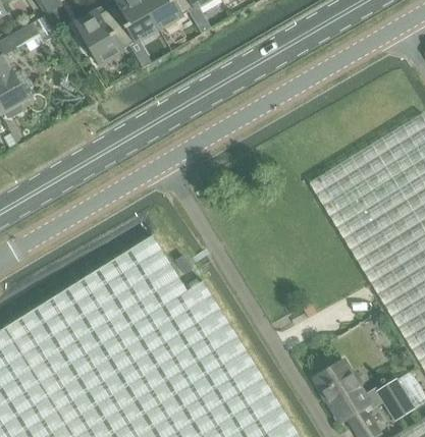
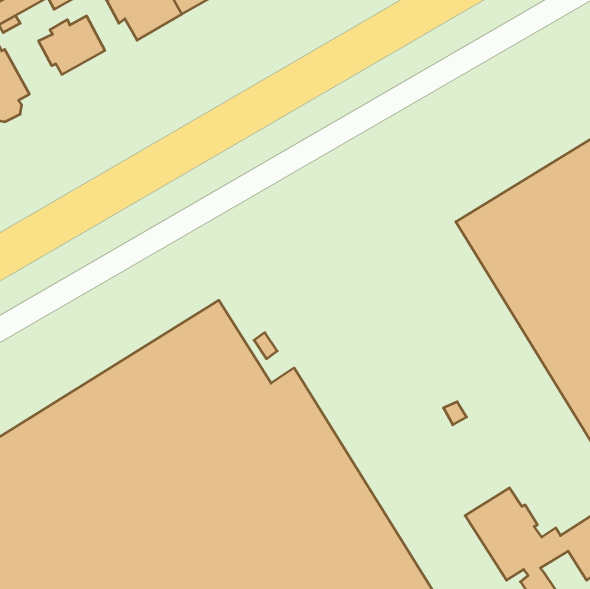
building: none -> [39,16,105,74]

